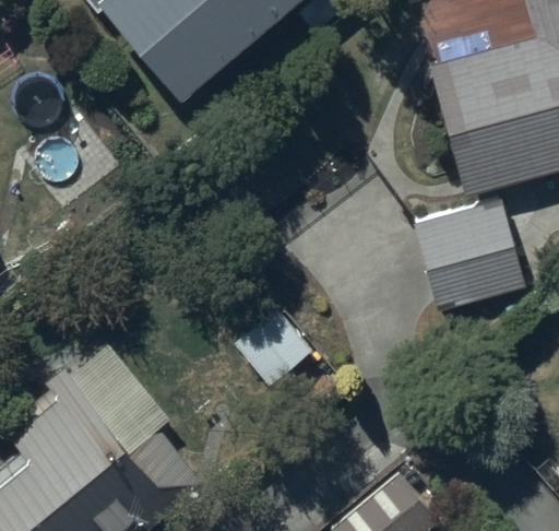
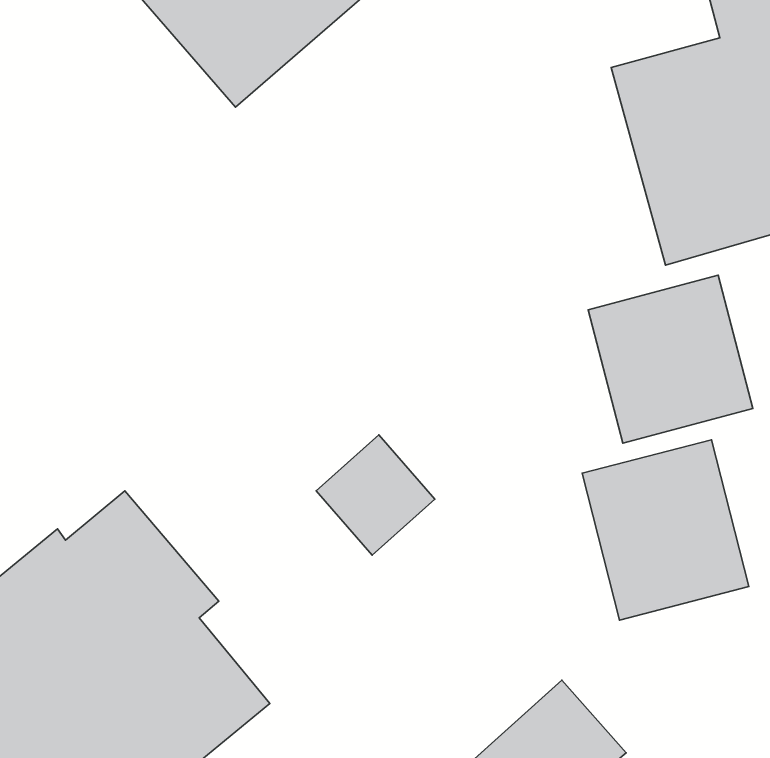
building: none -> [582,440,749,620]

